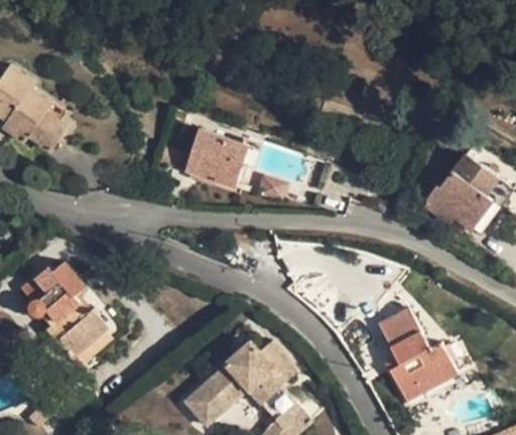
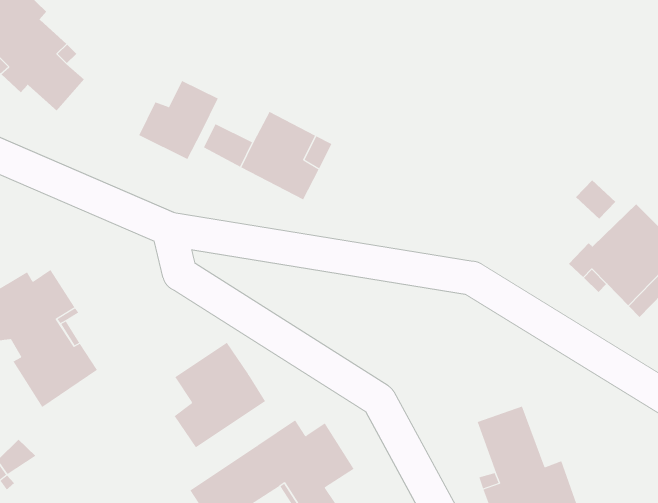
building: none -> [139,80,218,160]
building: none -> [174,342,266,448]

